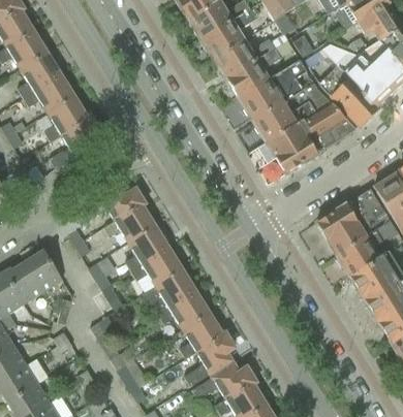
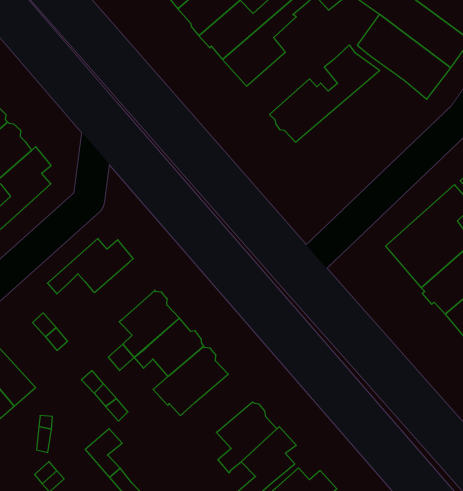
building: [240,59,307,120] -> none
building: [267,102,358,173] -> none
building: [97,204,155,244] -> none
building: [158,291,209,329] -> none

